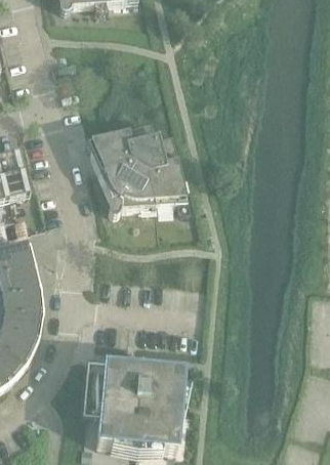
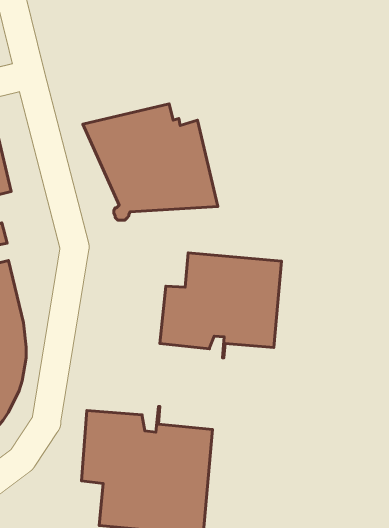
building: none -> [160,253,282,358]

